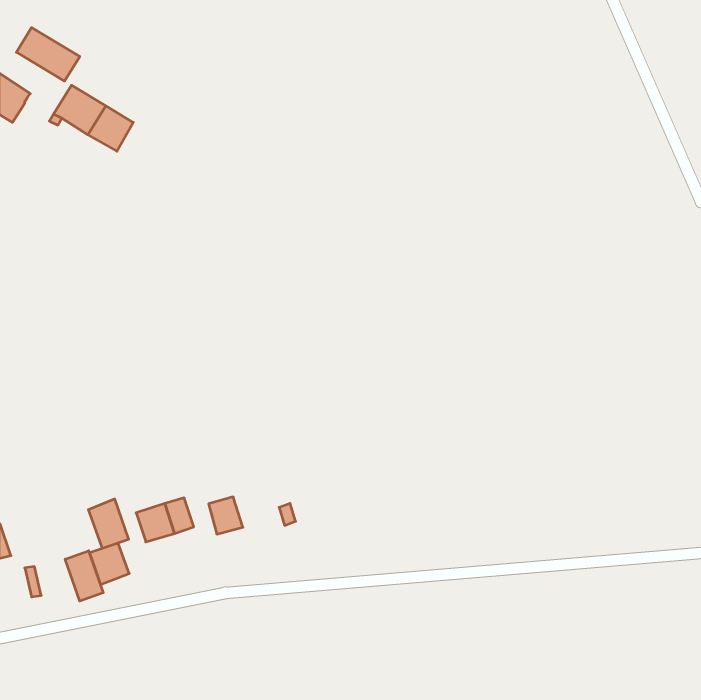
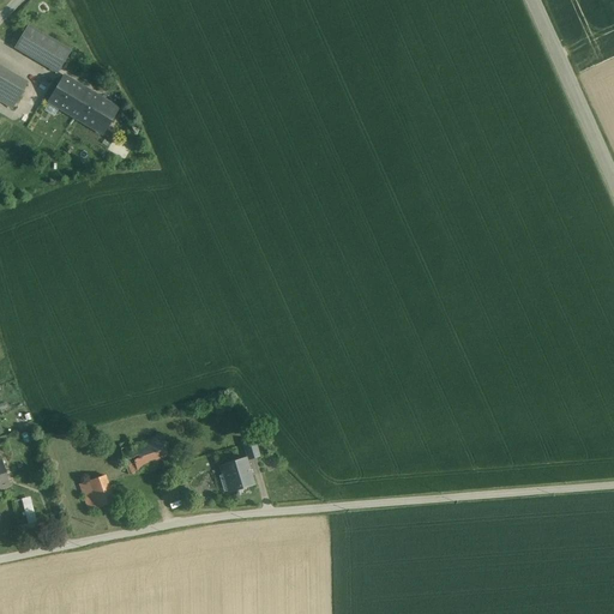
building: [209,497,243,534] -> [222,457,252,489]
building: [88,499,129,548] -> none
building: [65,551,103,601] -> none

